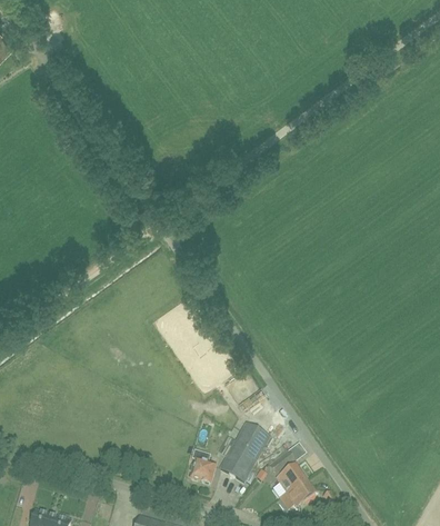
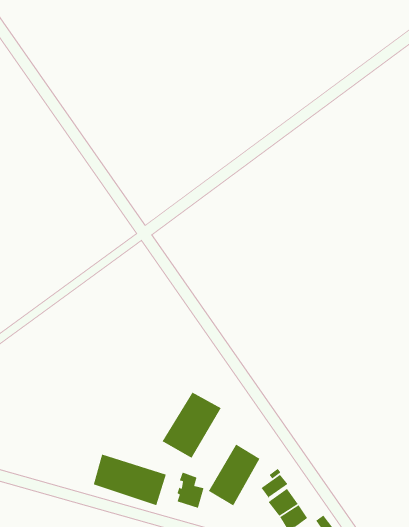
building: none -> [162,391,222,459]
building: none -> [93,454,167,506]

